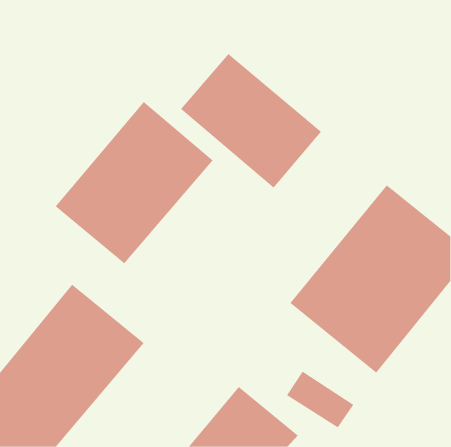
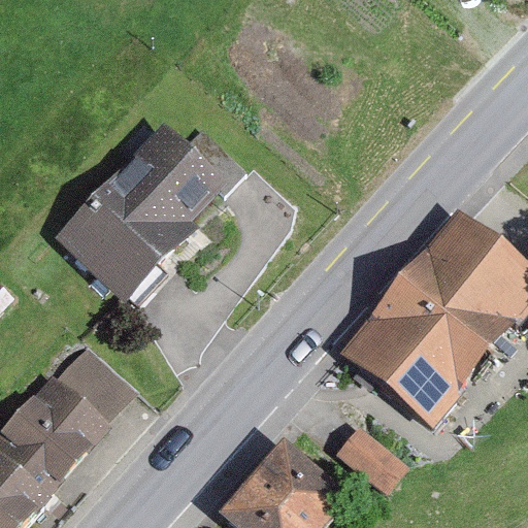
building: [180,53,322,188] -> none

